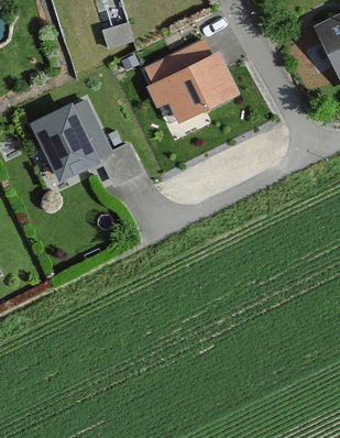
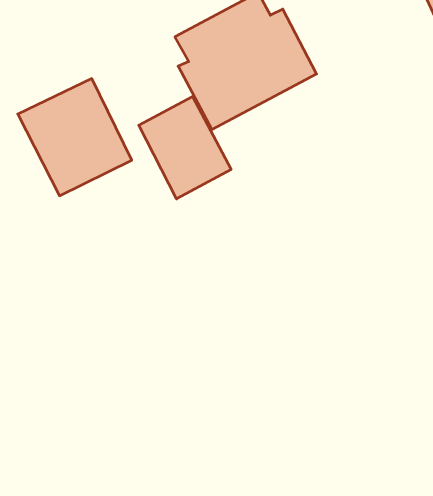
building: none -> [139,97,231,199]

